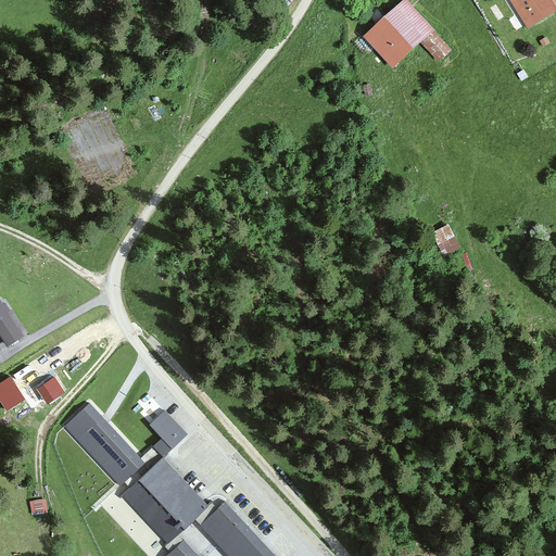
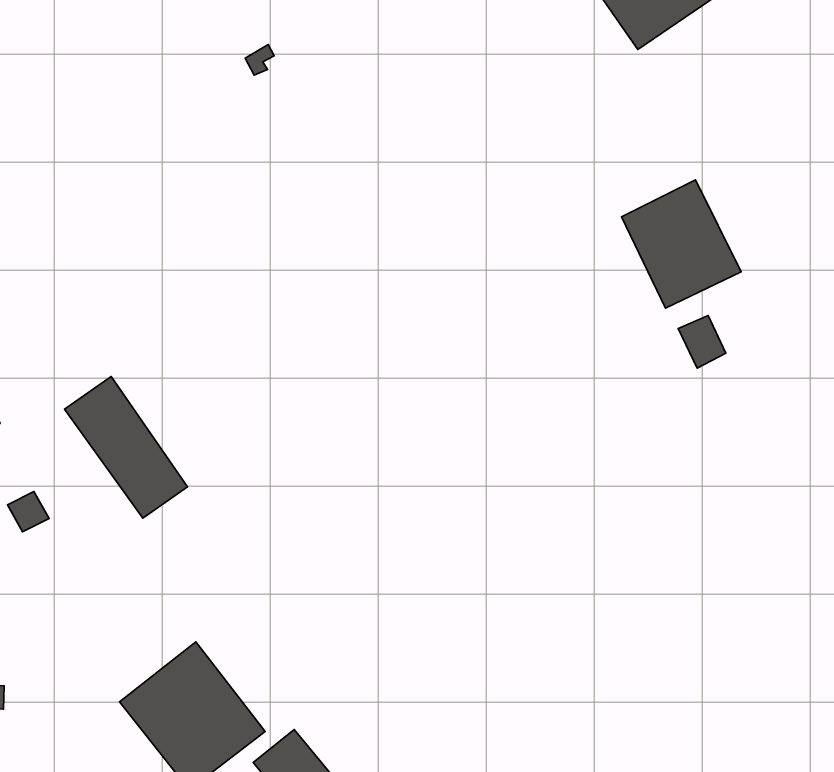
building: none -> [622,180,741,308]
building: [62,403,141,486] -> [65,376,187,518]
building: [149,410,189,458] -> none

